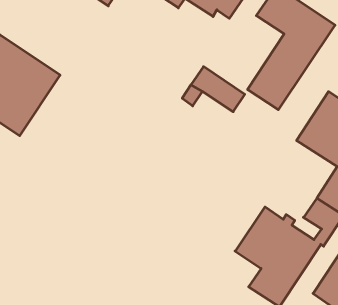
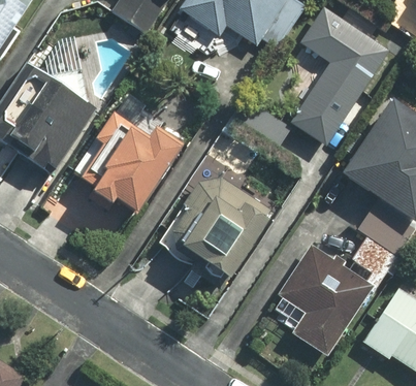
building: none -> [83,112,184,213]
building: none -> [173,176,268,291]

